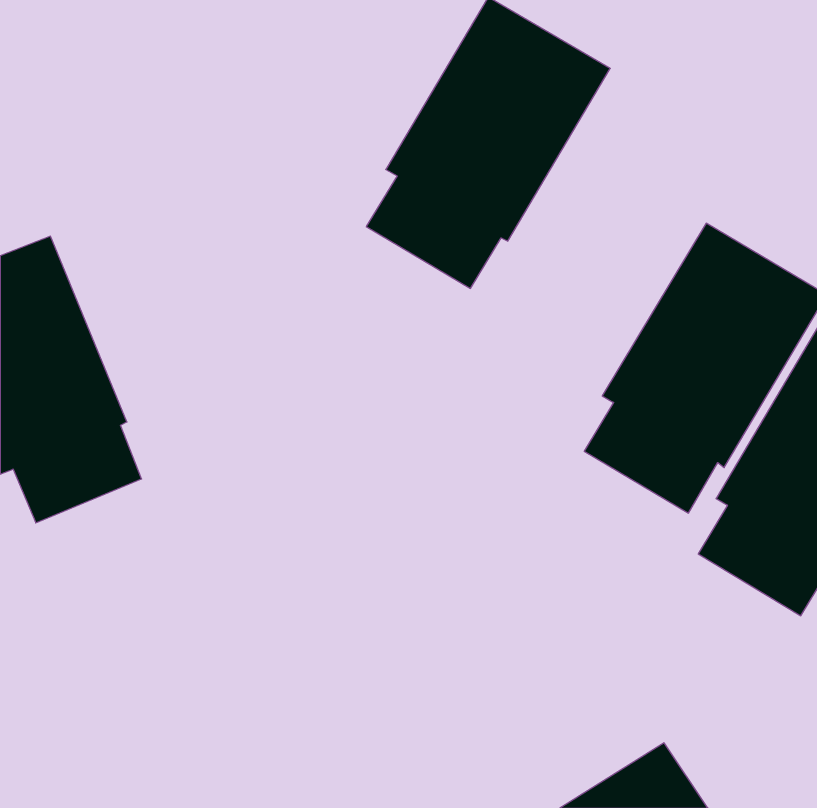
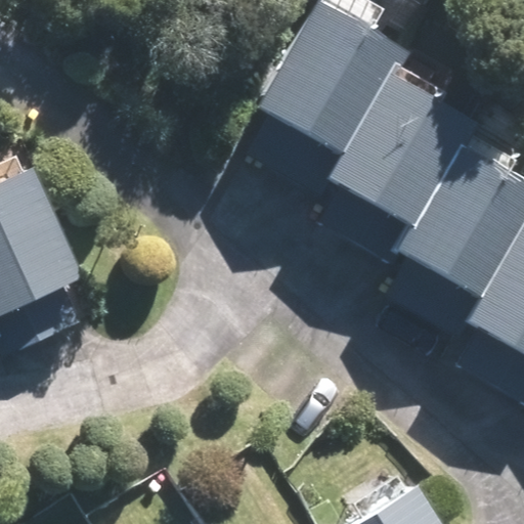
building: none -> [310,70,463,253]

